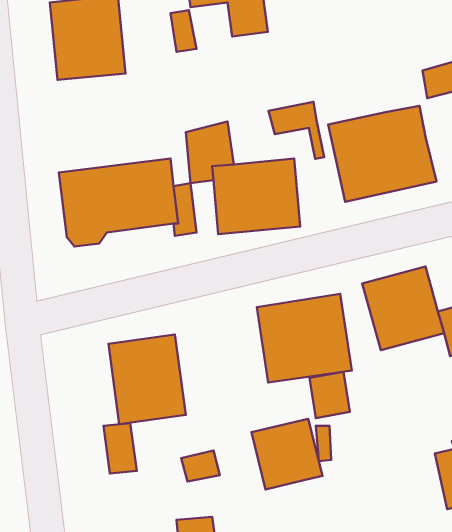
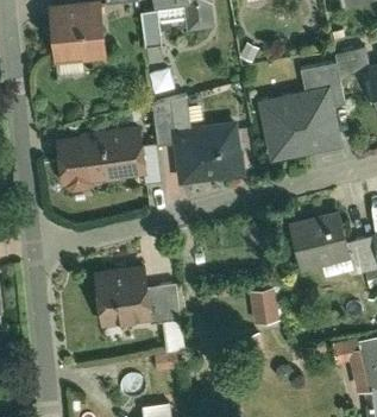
building: [269,102,324,159] -> [301,64,344,108]
building: [257,294,352,382] -> none
building: none -> [147,283,178,322]
building: [251,419,322,489] -> none
building: [103,423,137,473] -> none

